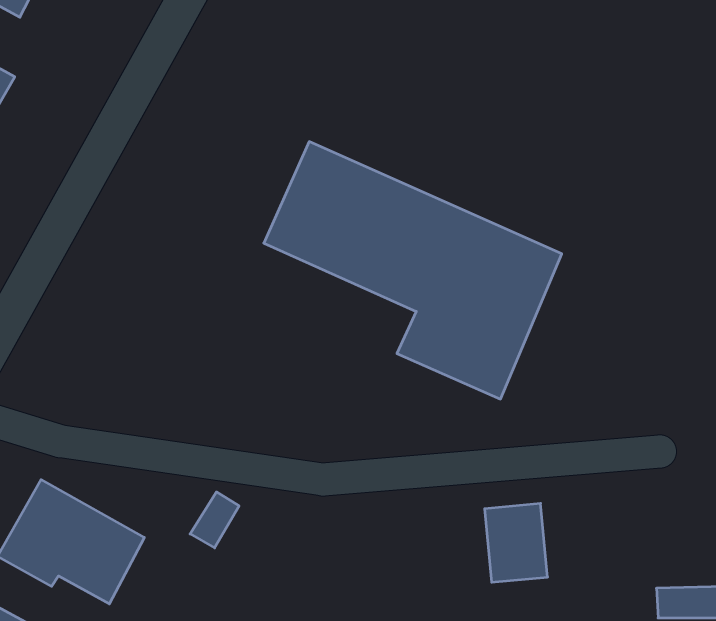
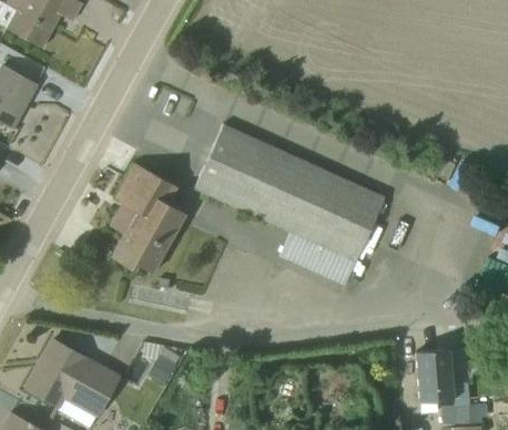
building: none -> [110,161,183,274]
building: [485,503,548,582] -> [416,351,456,401]

